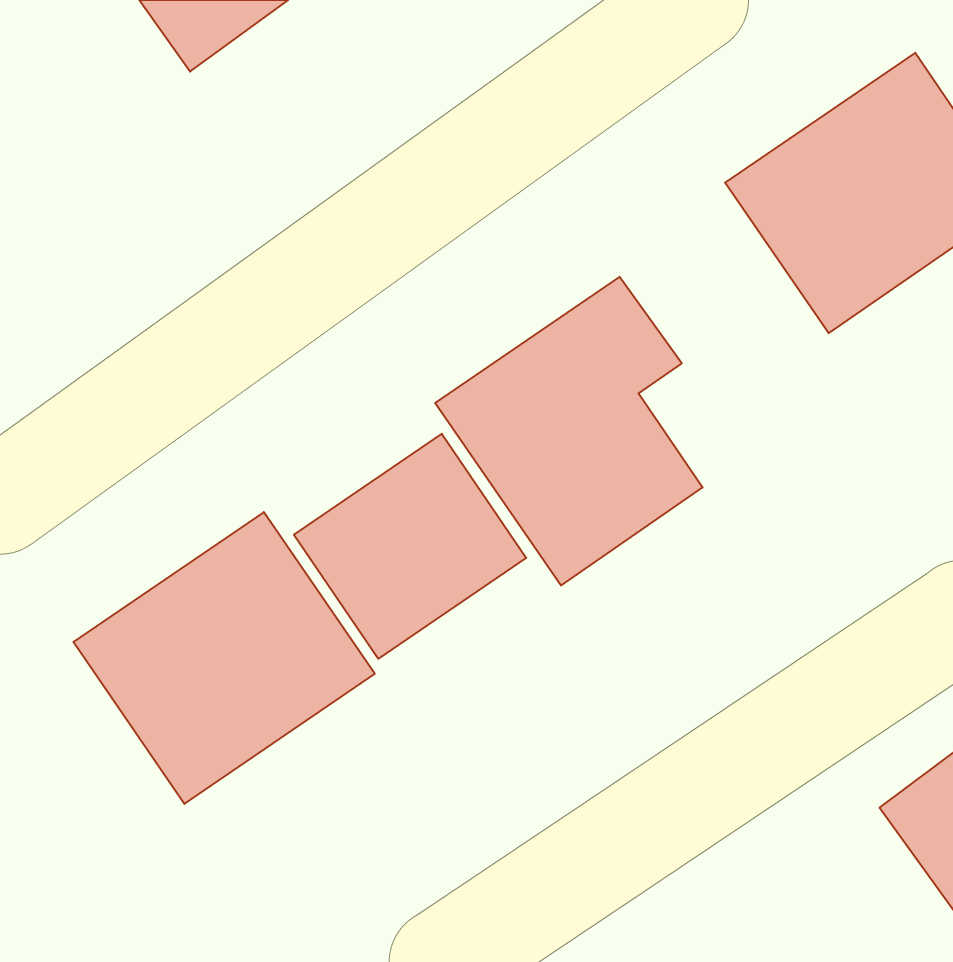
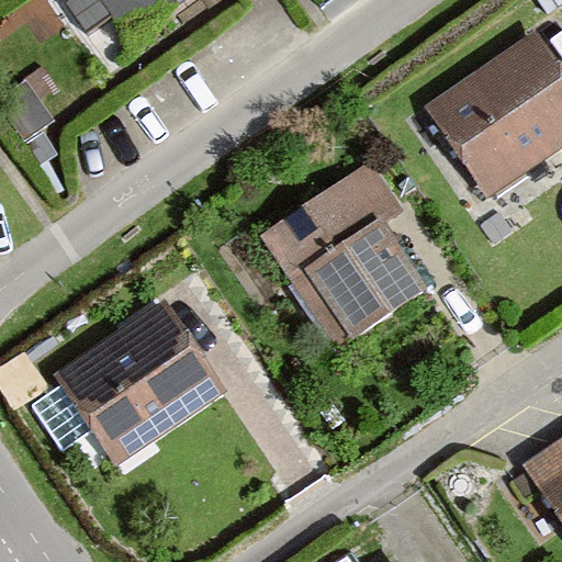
building: [294,434,526,659] -> none

